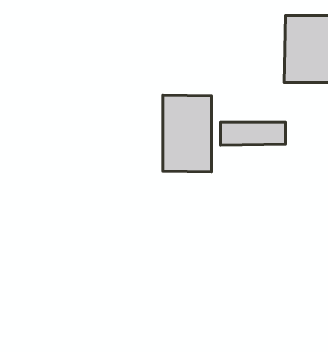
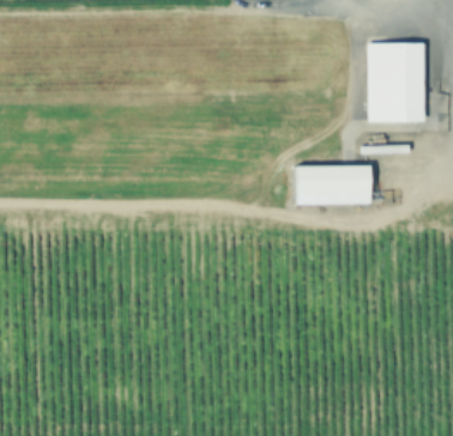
building: [163,95,212,172] -> none

